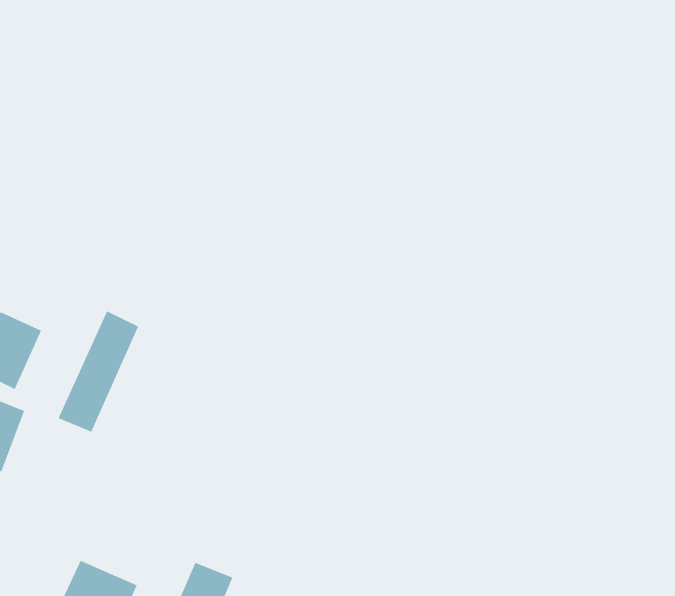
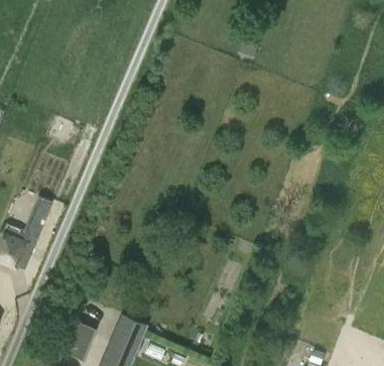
building: [58,310,139,432] -> none

